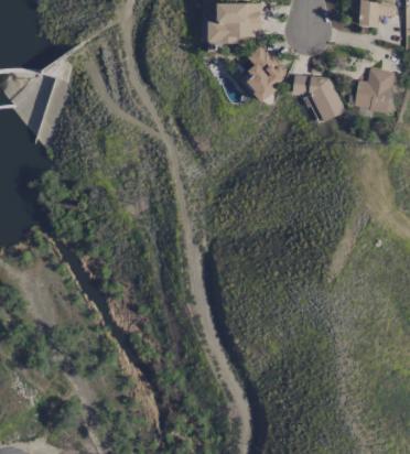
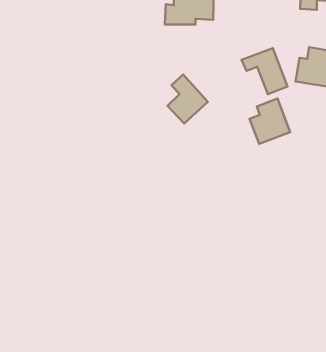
building: [242,45,288,100] -> [168,74,208,123]
building: none -> [250,99,290,144]

